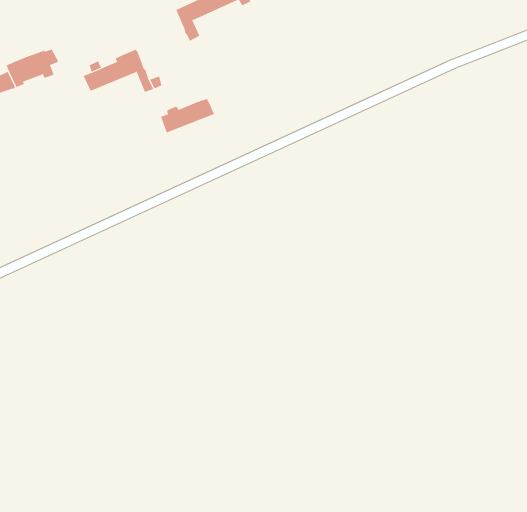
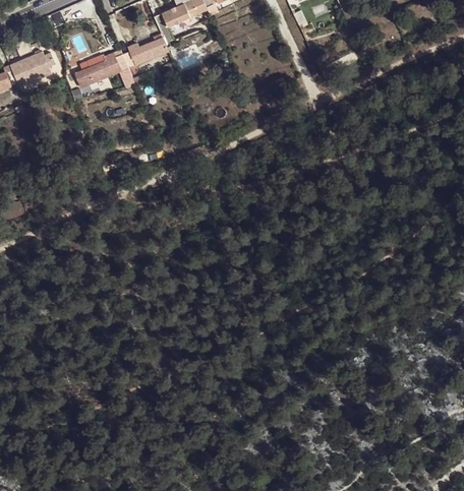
building: [160,99,215,133] -> [121,39,168,68]

